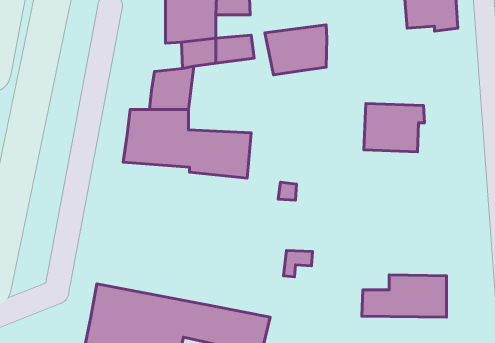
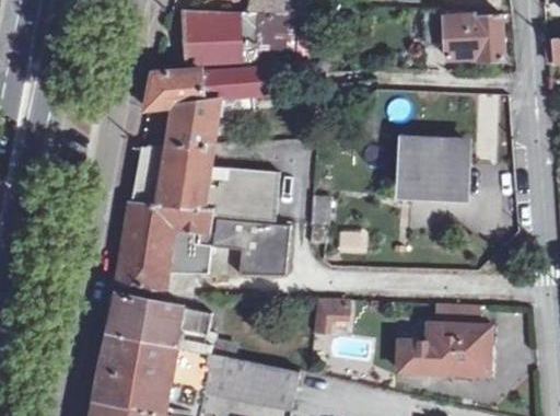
building: [265,25,327,75] -> none
building: none -> [144,73,202,108]
building: none -> [119,204,287,290]
building: none -> [109,296,233,359]

